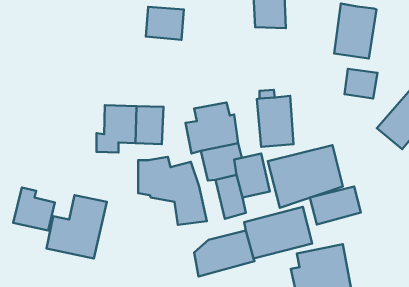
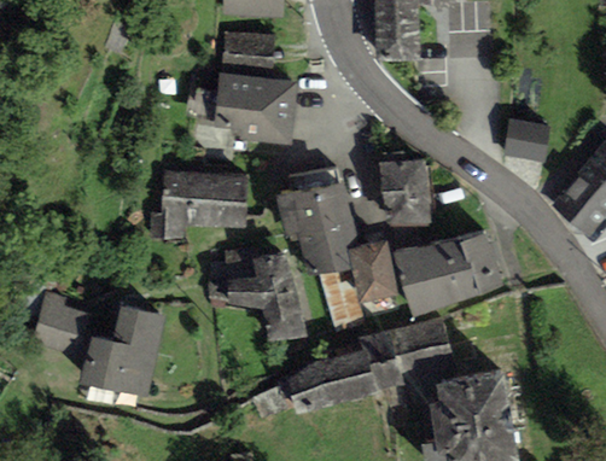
building: [334,4,377,58] -> none
building: none -> [214,74,297,146]
building: [310,187,361,224] -> none

